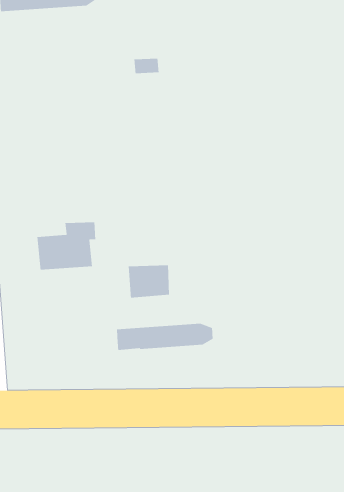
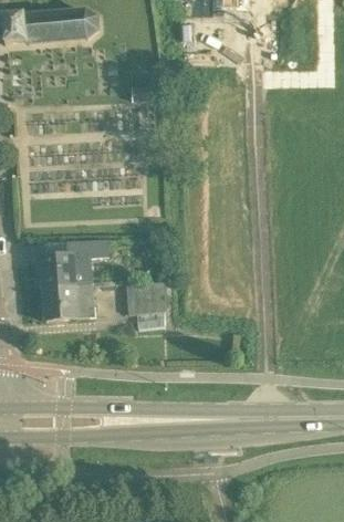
building: none -> [43,283,95,320]
building: [116,323,214,351] -> none

